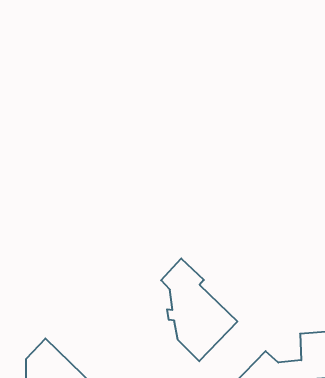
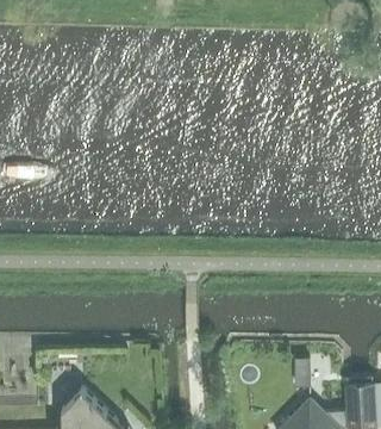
building: [161,258,237,361] -> none

